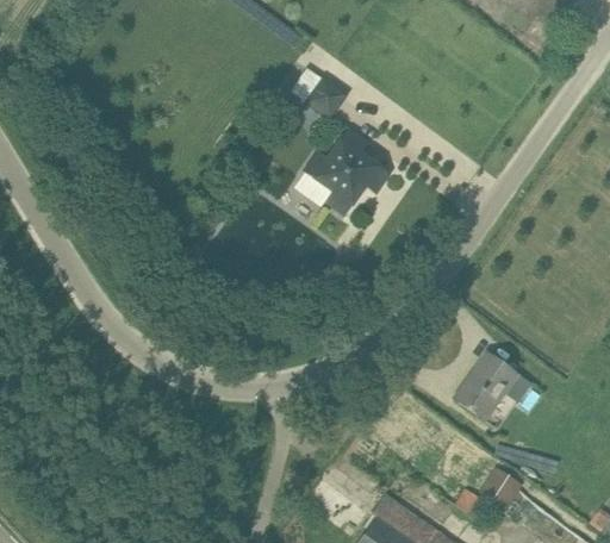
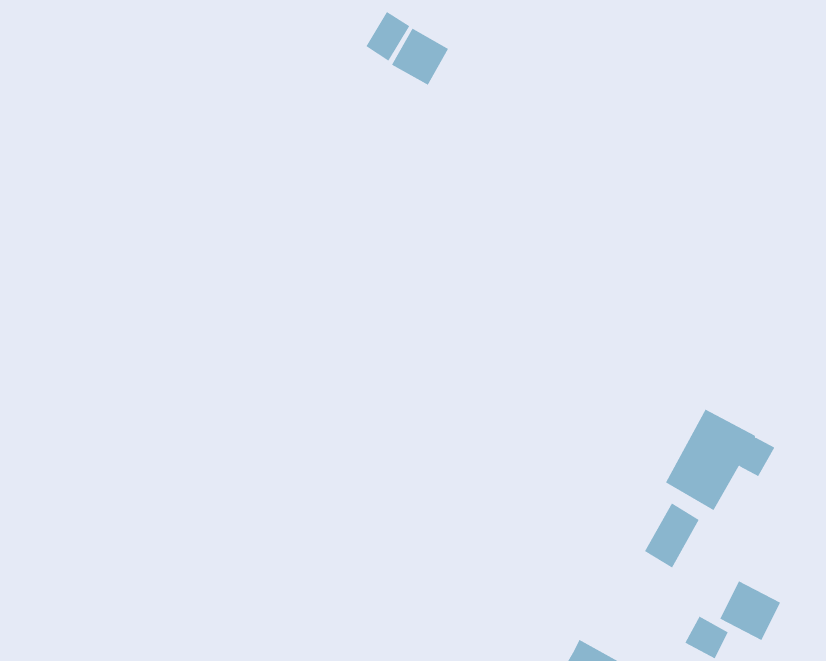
building: [304,130,390,216] -> none
building: none -> [644,503,700,568]

